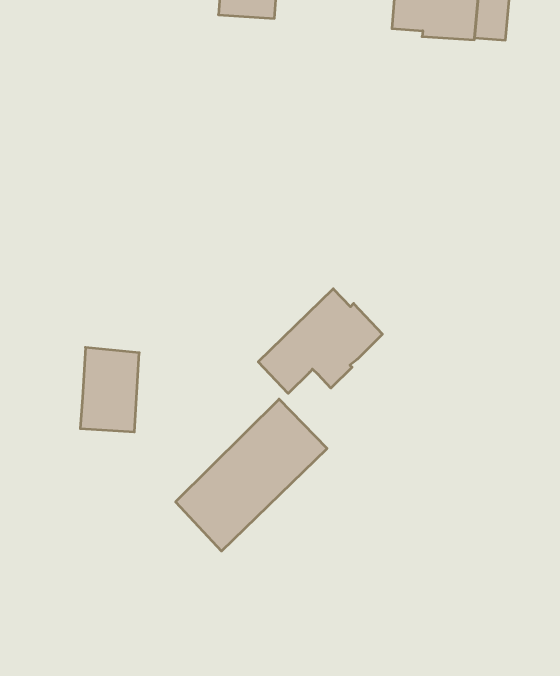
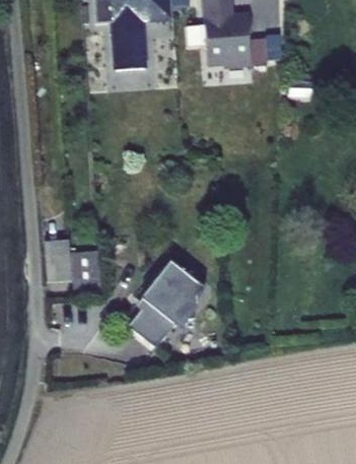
building: [258,289,382,393] -> none
building: none -> [45,239,72,280]

